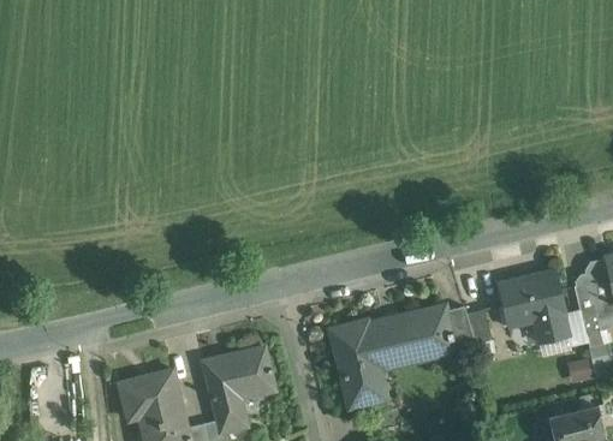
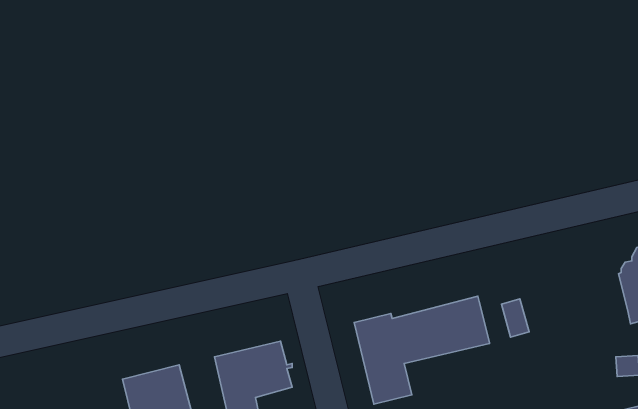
building: [498,269,569,342] -> none
building: [446,306,475,348] -> none

